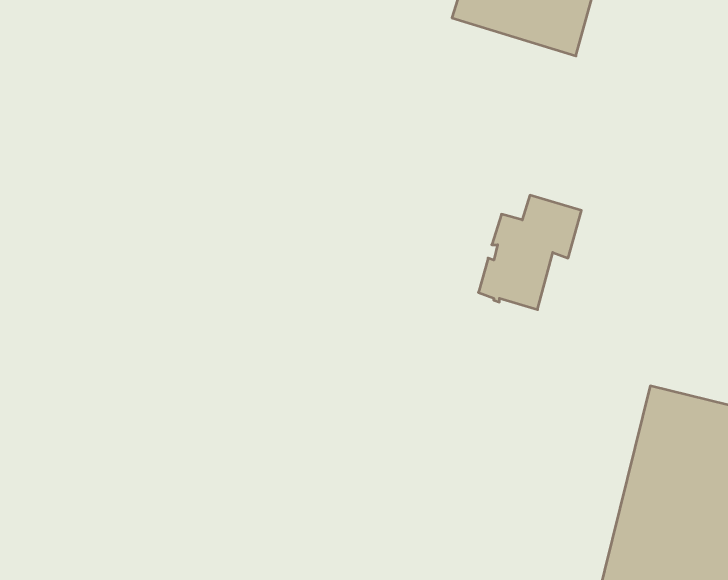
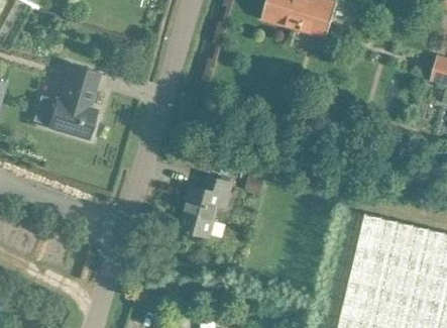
building: none -> [47,64,100,139]
building: [478,195,581,310] -> [179,176,233,236]

